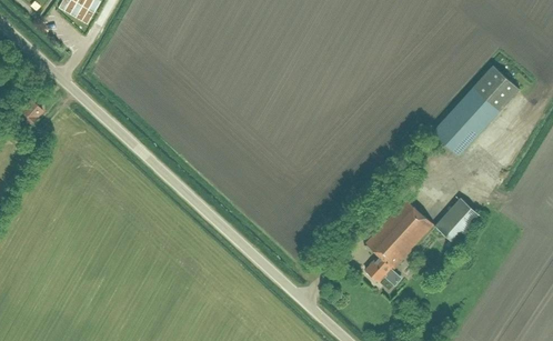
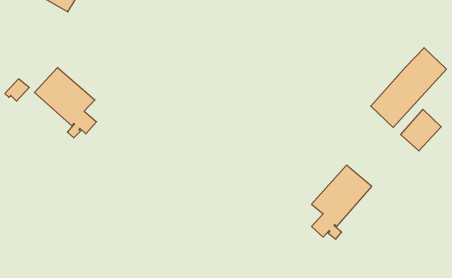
building: none -> [34,67,97,138]
building: [435,197,482,244] -> [401,109,441,151]

